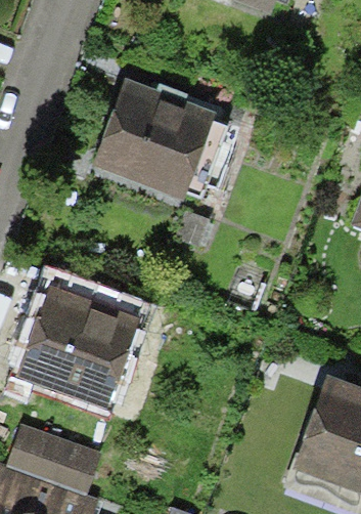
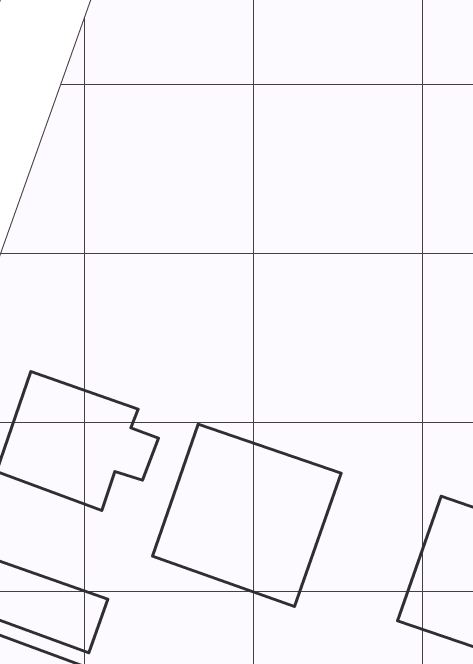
building: [103,86,228,190] -> none
building: none -> [152,424,341,607]

